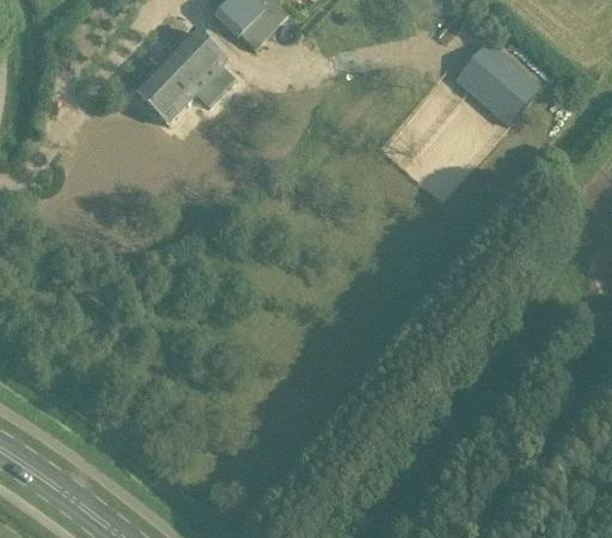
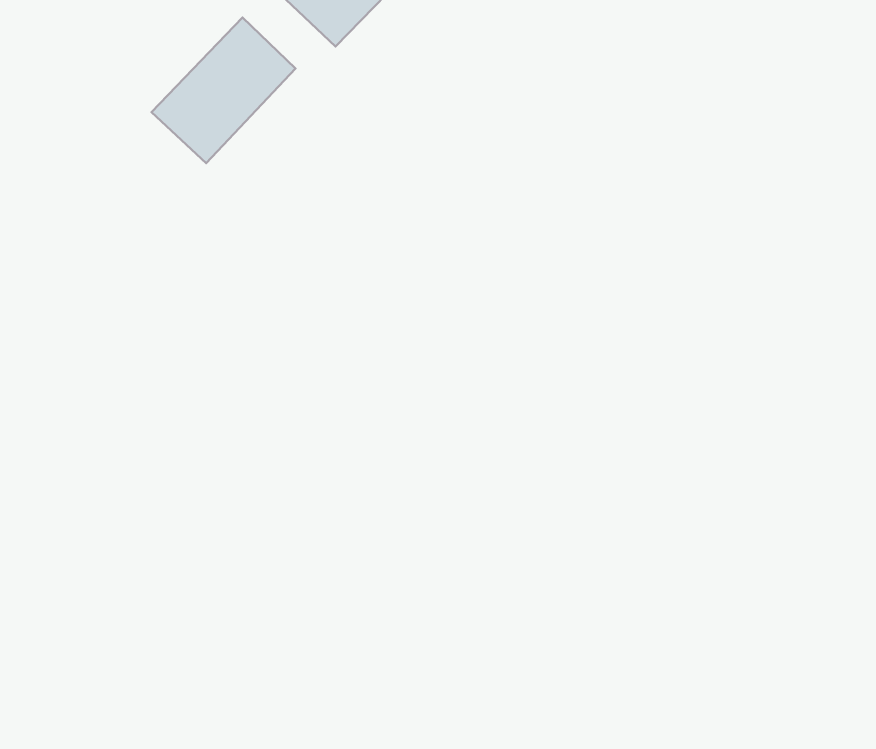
building: [459,42,540,122] -> none

